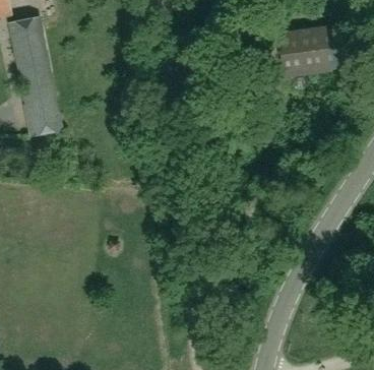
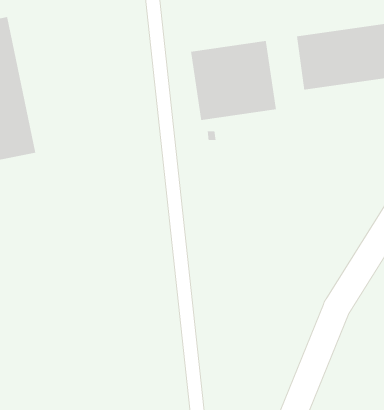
building: none -> [190,40,277,121]

